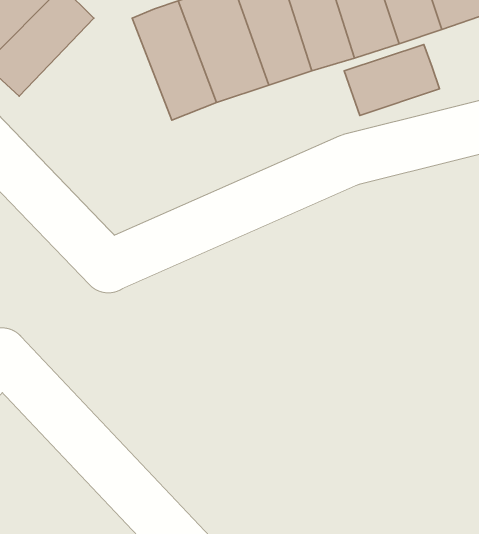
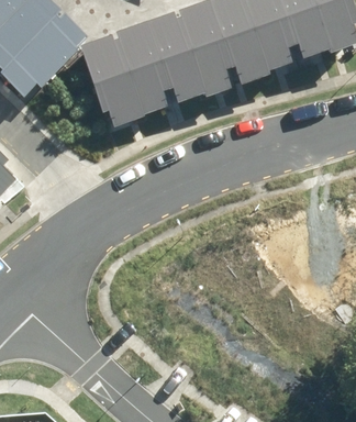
building: none -> [81,43,138,125]
building: [344,44,439,115] -> none

